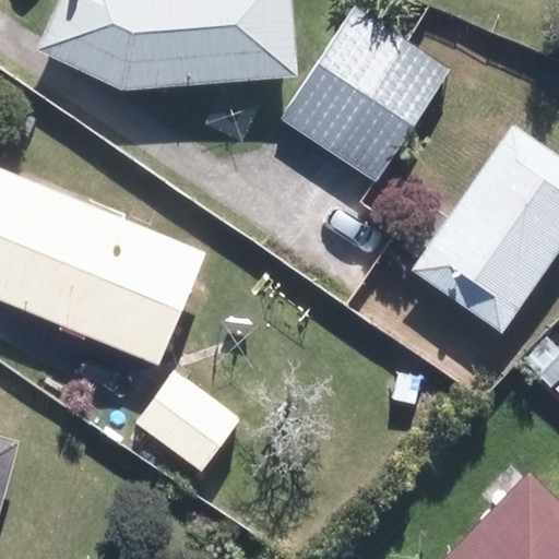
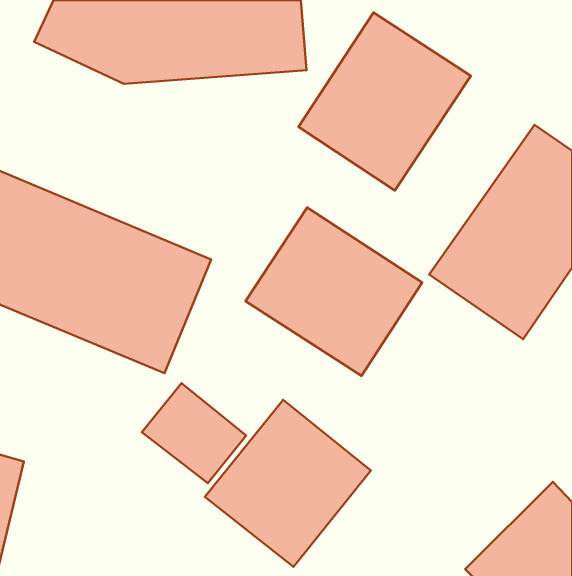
building: none -> [245,207,422,376]
building: none -> [205,400,371,567]

